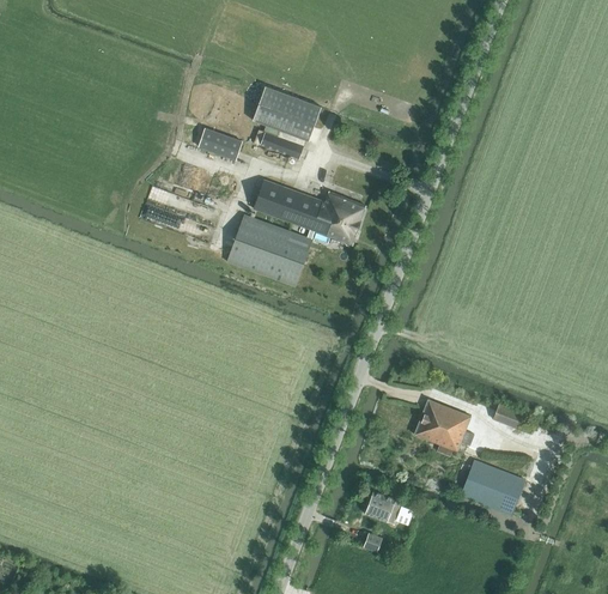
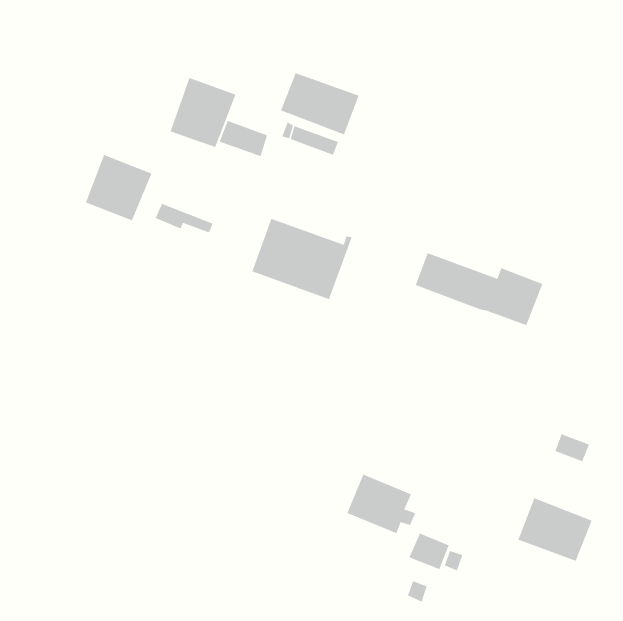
building: none -> [170,77,236,148]
building: none -> [85,154,152,221]
building: [253,180,365,244] -> [415,252,543,326]
building: [413,399,474,451] -> [347,474,416,534]

